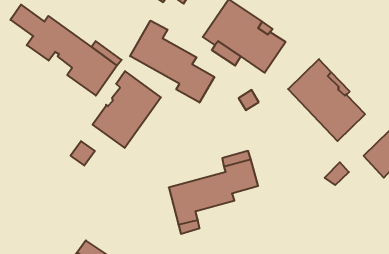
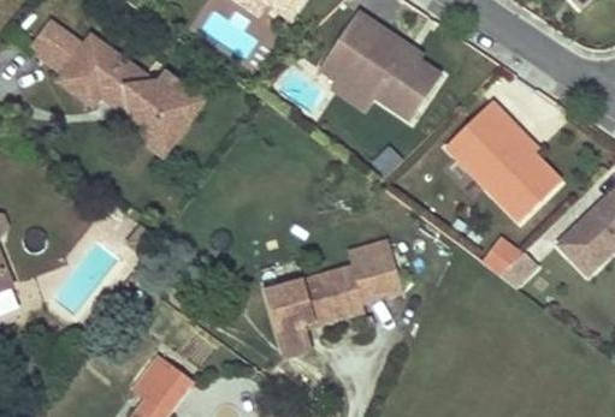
building: [130,21,214,103] -> none
building: [93,71,161,148] -> none

